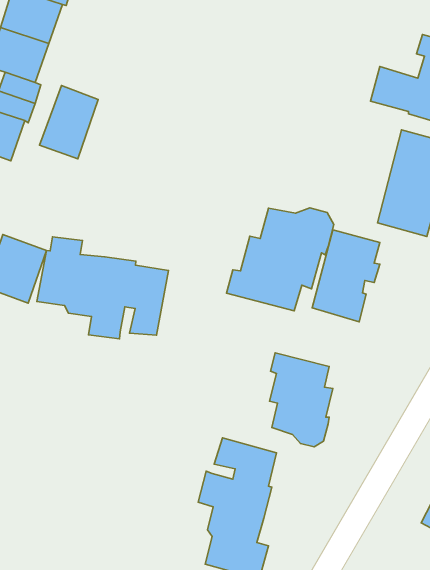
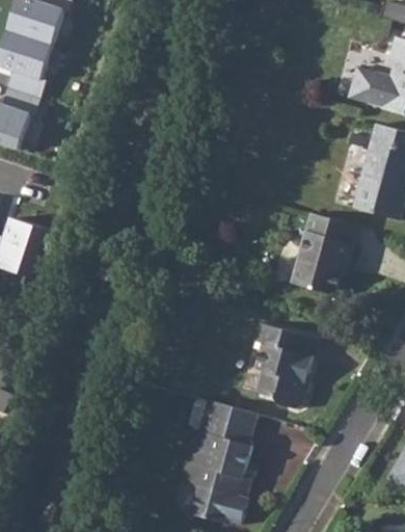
building: [40,86,98,159] -> none
building: [226,208,334,311] -> none
building: [37,237,169,339] -> none

